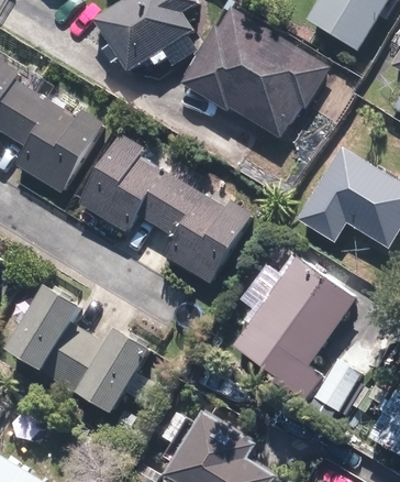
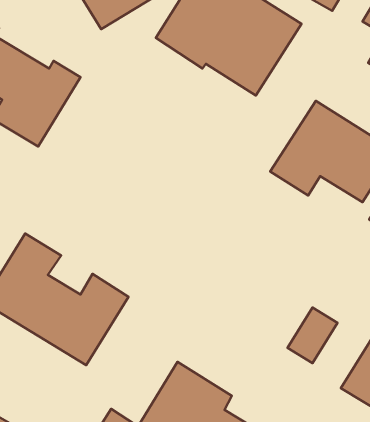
building: [79,134,255,285] -> none
building: [232,254,357,404] -> none

